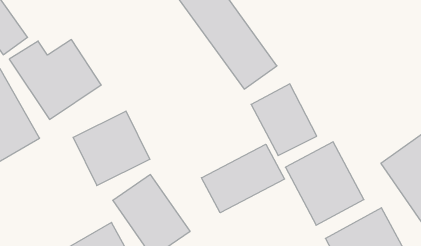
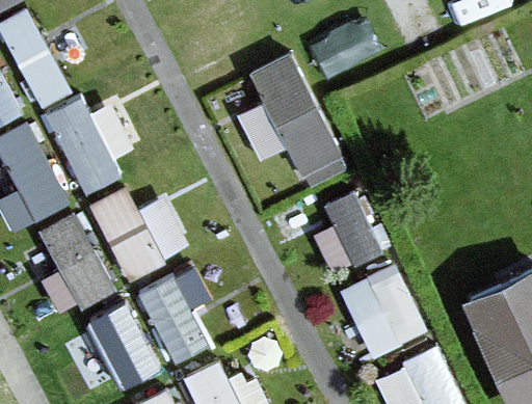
building: none -> [31,209,112,304]
building: [201,144,285,213] -> none

